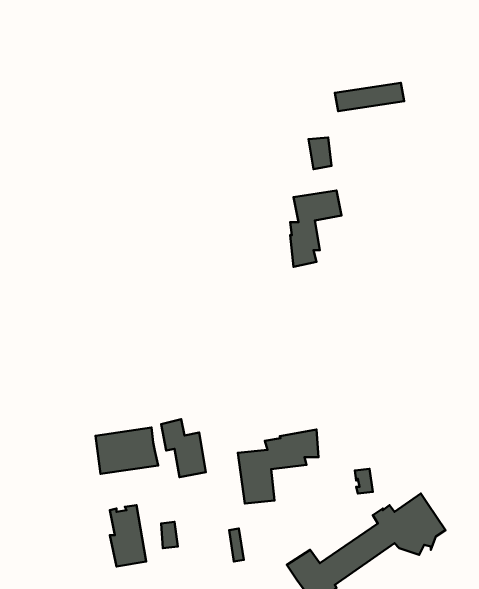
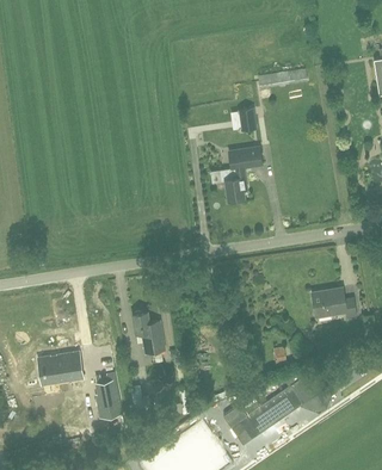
building: none -> [312,287,357,317]
building: [95,428,158,474] -> [38,351,84,384]
building: [238,429,319,503] -> none

